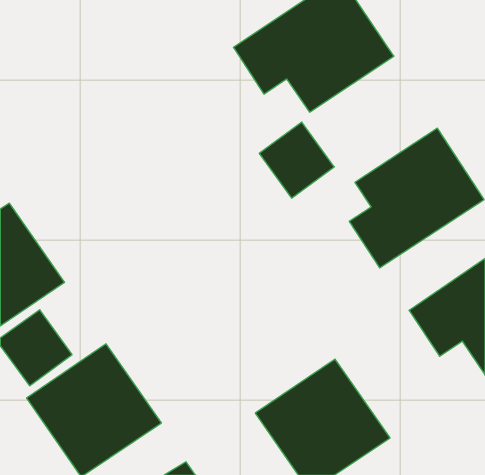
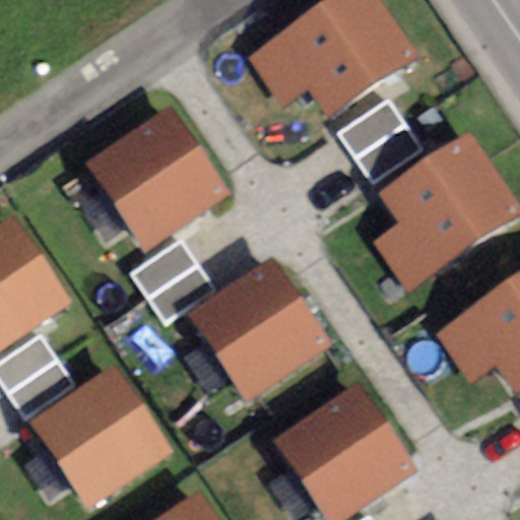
building: none -> [83,109,228,252]
building: [259,122,334,198] -> [339,94,419,176]
building: none -> [133,236,213,317]
building: none -> [186,257,330,400]

